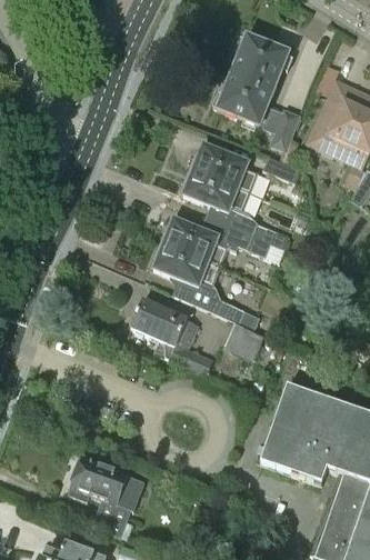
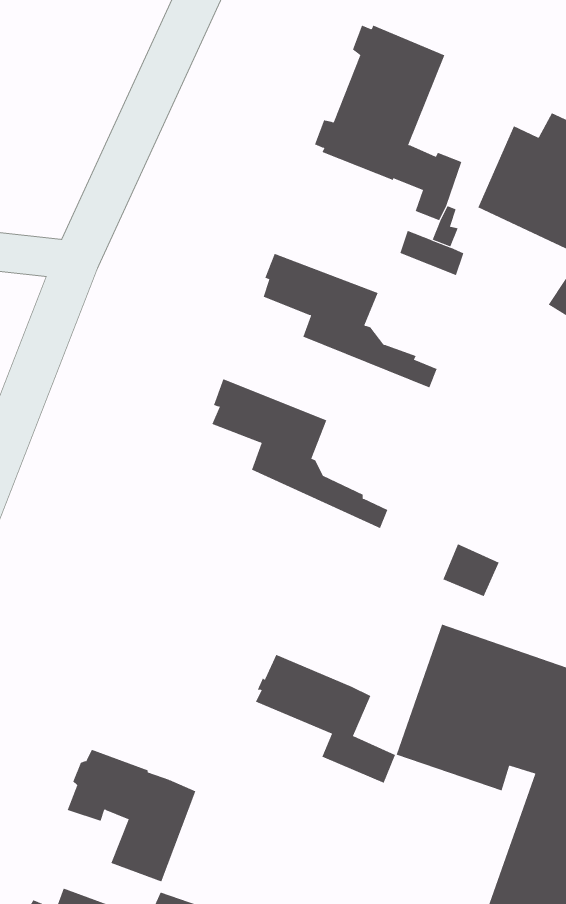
building: [189,143,258,190] -> none
building: [159,216,281,264] -> none
building: [130,298,212,373] -> [255,654,396,783]
building: [227,322,260,353] -> [442,543,499,597]

